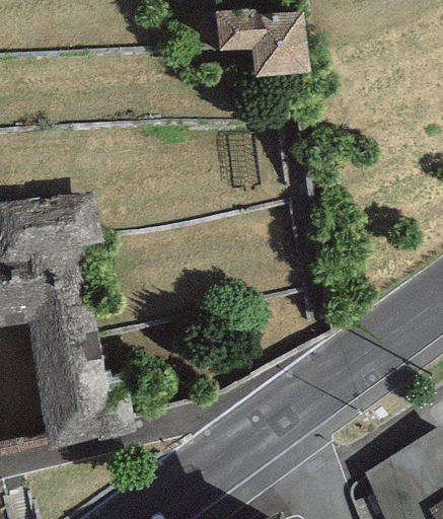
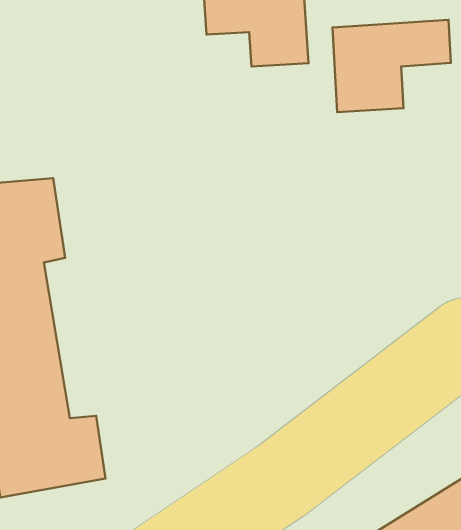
building: none -> [332,20,451,112]

